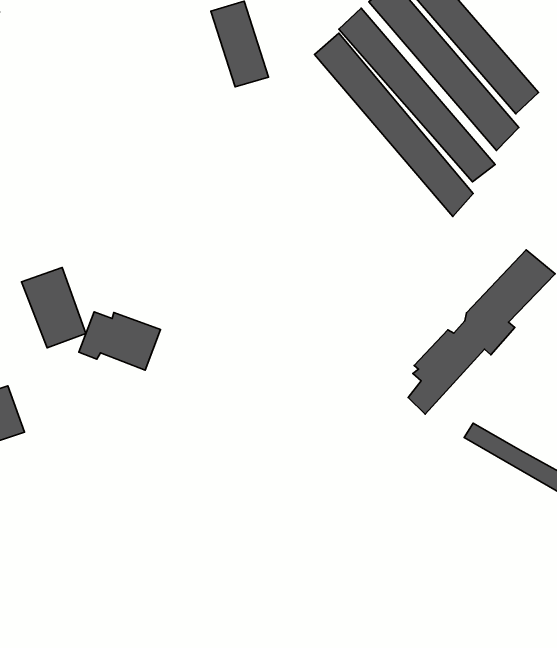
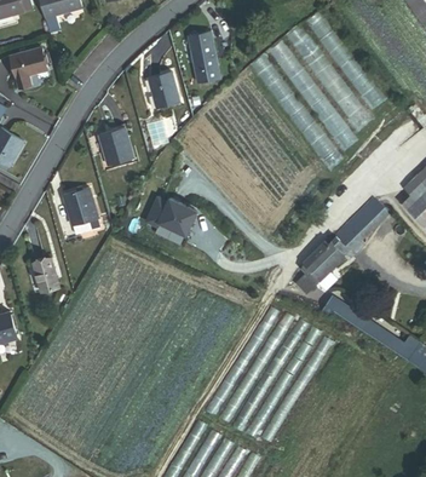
building: none -> [148,71,179,109]
building: none -> [98,126,132,165]
building: [79,312,160,370] -> [150,199,201,236]

